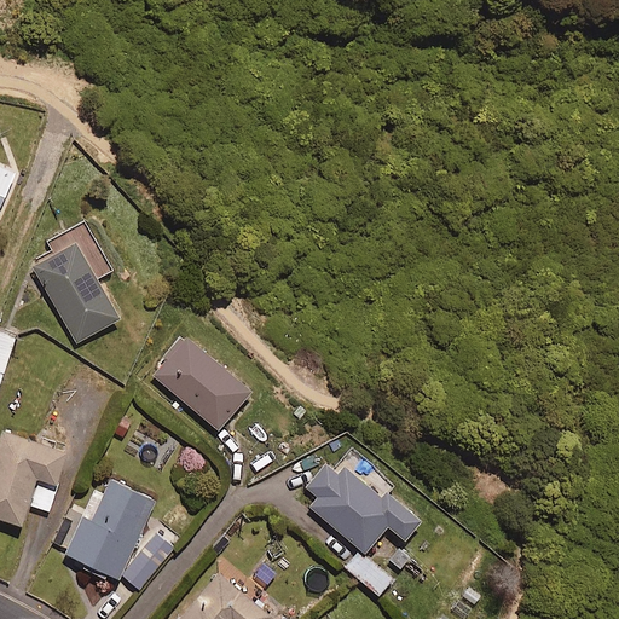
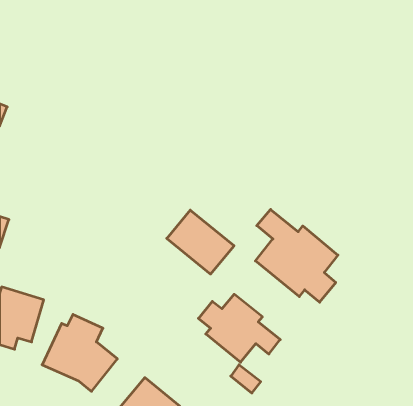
building: [30,221,118,345] -> none
building: none -> [255,209,338,302]
building: [150,336,250,432] -> [167,210,234,274]

